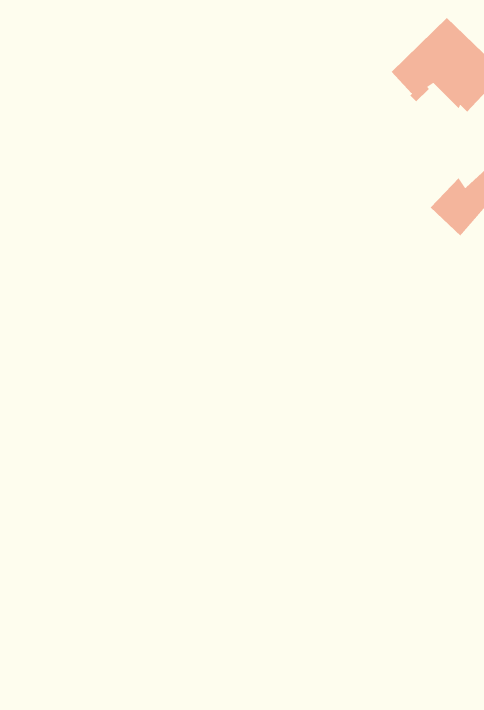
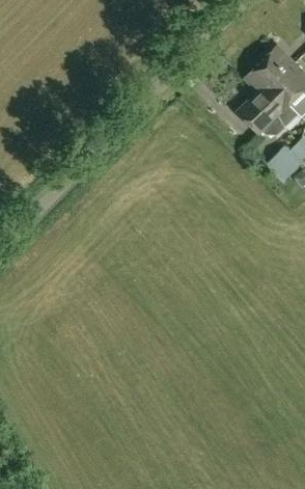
building: none -> [238,87,290,136]

